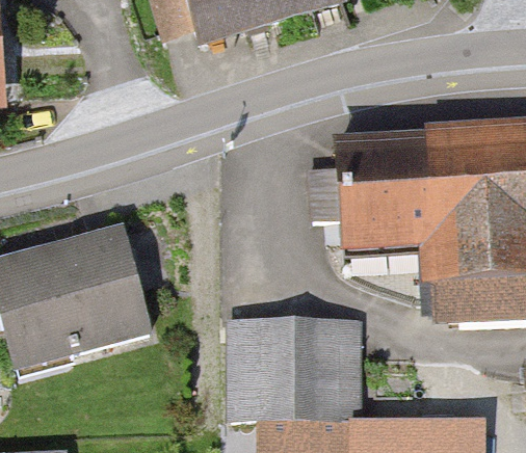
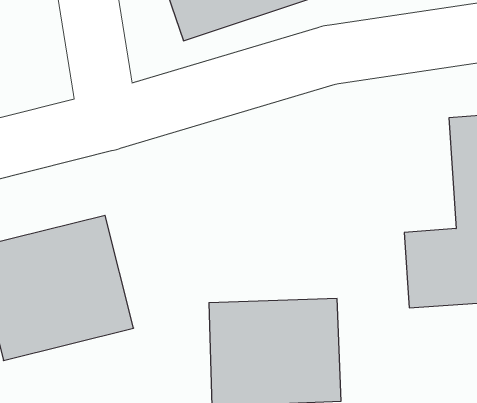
building: [335,128,479,249] -> none

